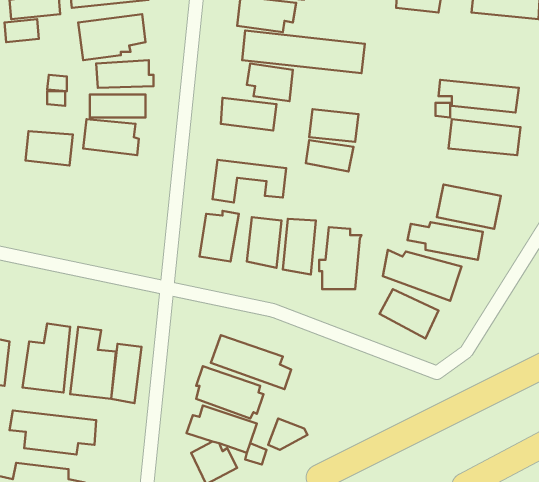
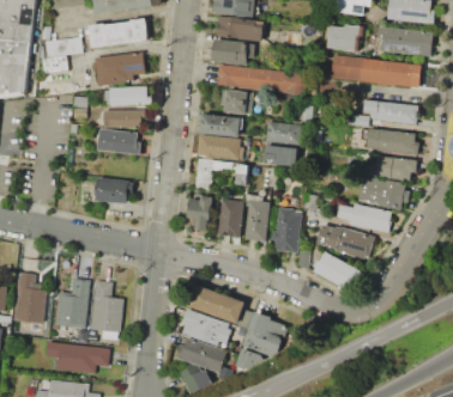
building: none -> [331,55,415,87]
building: none -> [195,135,242,160]
building: [25,131,73,166] -> [93,178,128,203]
building: none -> [366,155,416,181]
building: [111,344,142,403] -> none
building: none -> [242,312,288,355]

